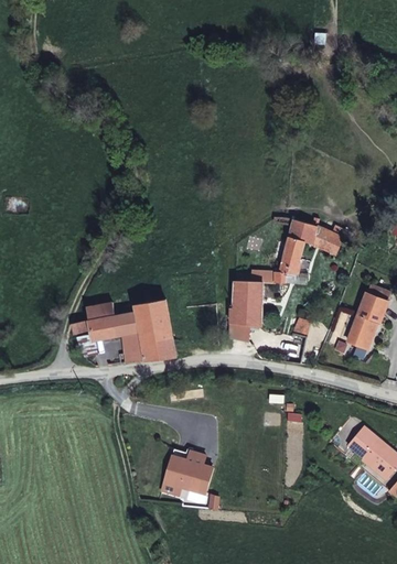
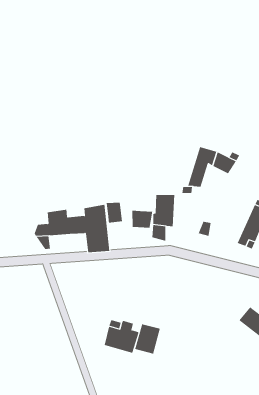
building: none -> [132,210,153,229]
building: [118,334,141,362] -> [106,202,123,223]
building: none -> [135,324,161,354]

